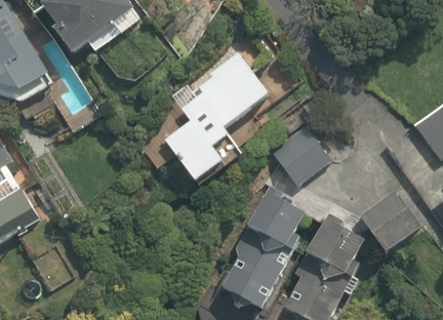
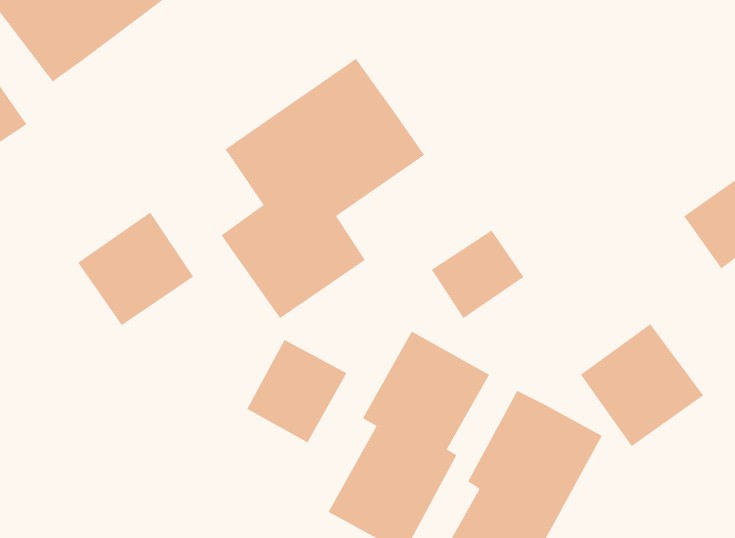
building: none -> [77,211,194,326]
building: none -> [246,339,347,443]

